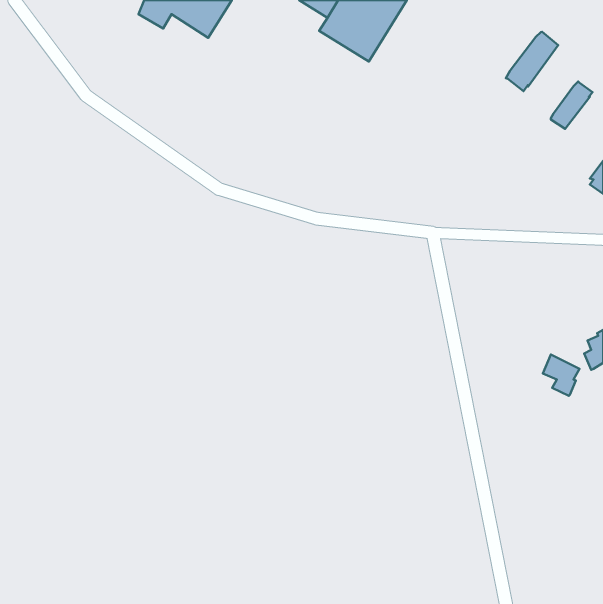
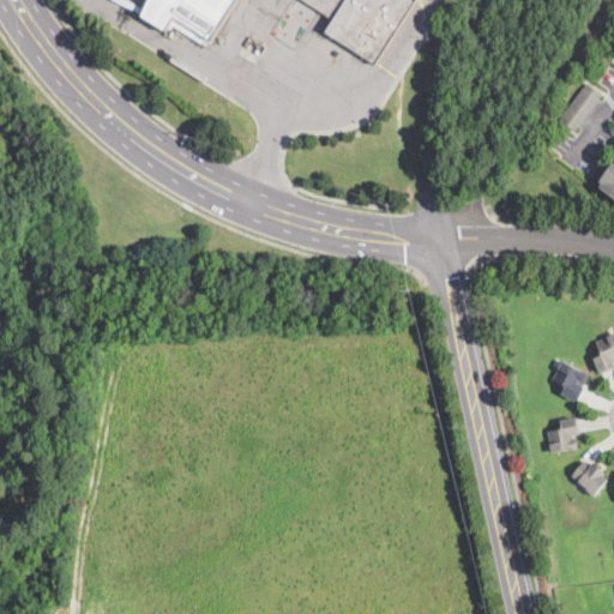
building: [506,32,558,91] -> none
building: none -> [546,417,579,452]
building: none -> [570,460,607,496]

